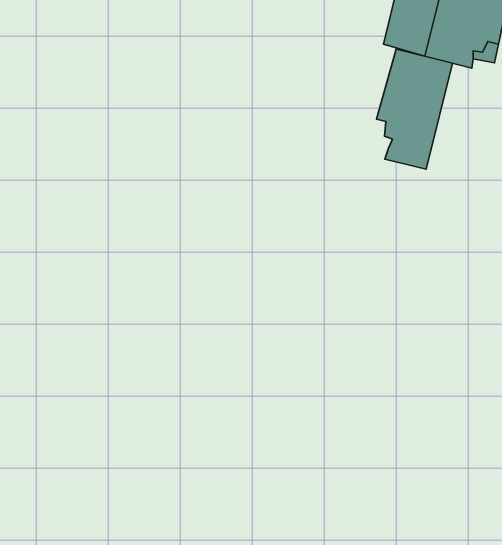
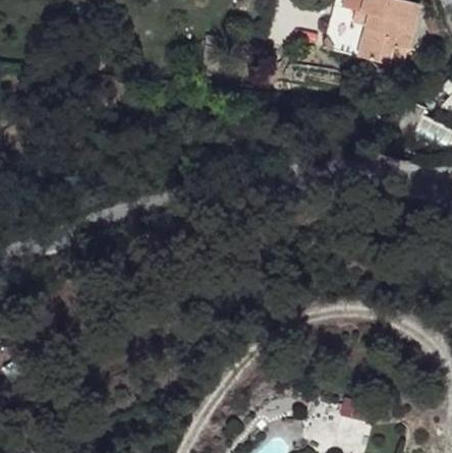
building: [377,49,453,169] -> none

